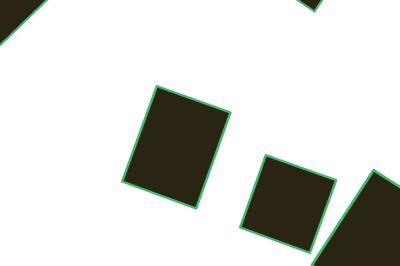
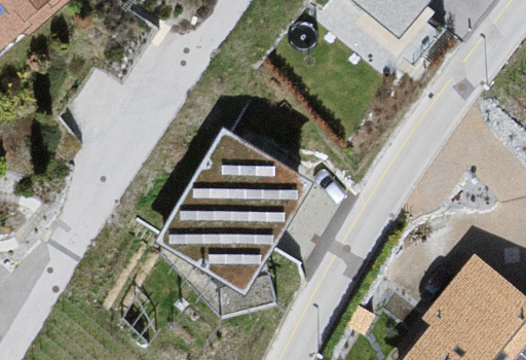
building: [240,155,336,253] -> none

